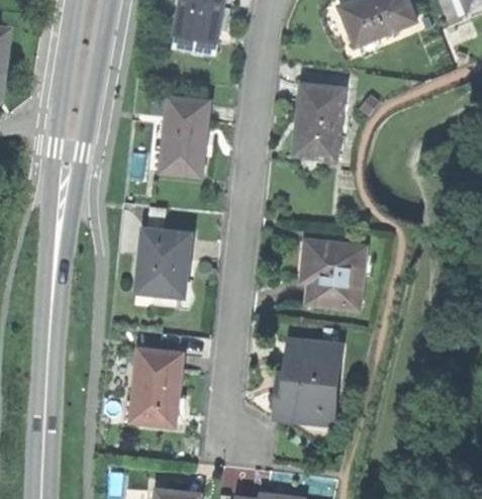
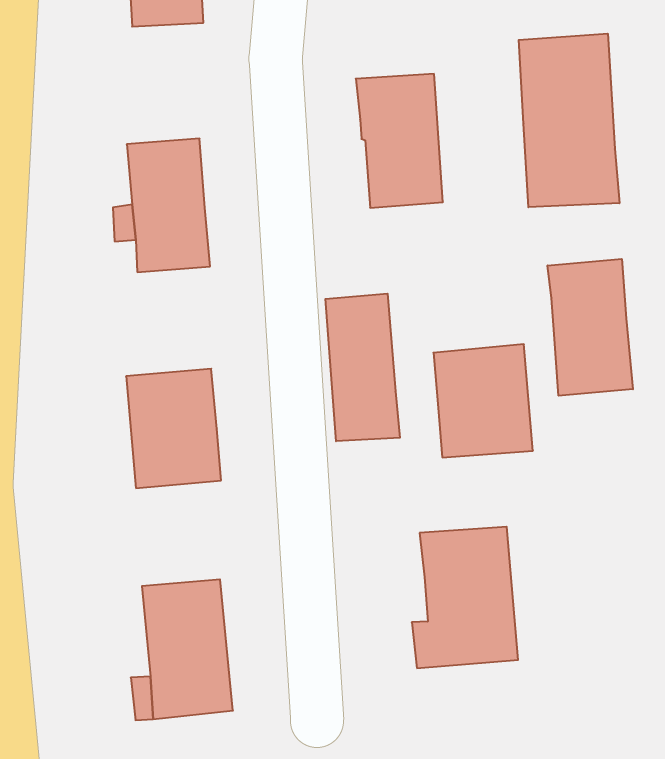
building: none -> [519,34,619,207]
building: none -> [325,294,400,441]
building: none -> [548,259,633,396]

